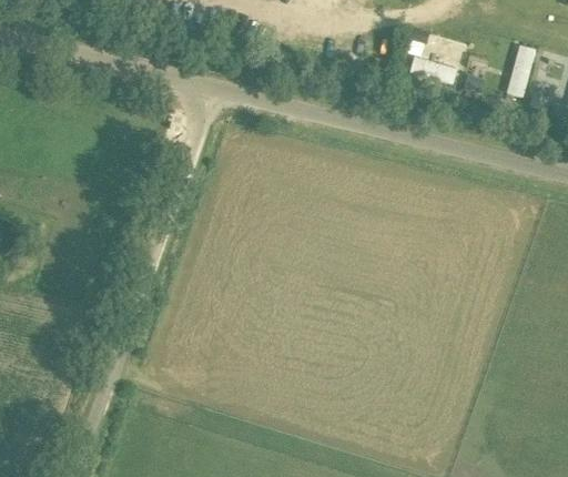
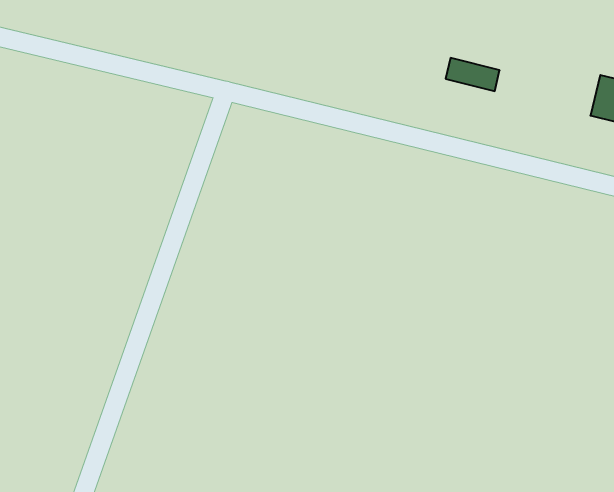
building: [506,45,535,98] -> none

